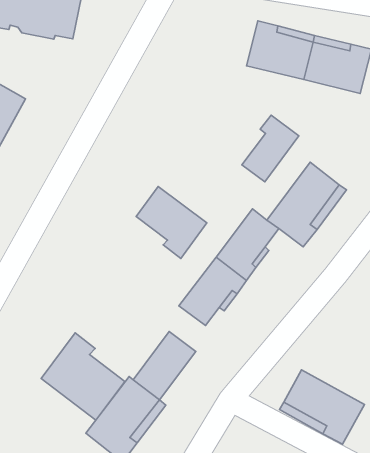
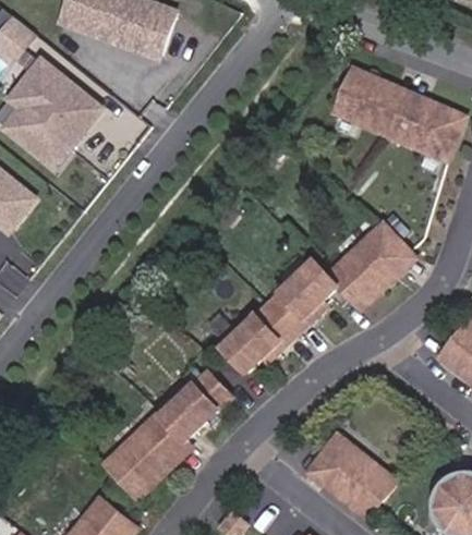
building: [242,115,299,182] -> none
building: [136,187,207,259] -> none
building: [41,333,125,420] -> none

